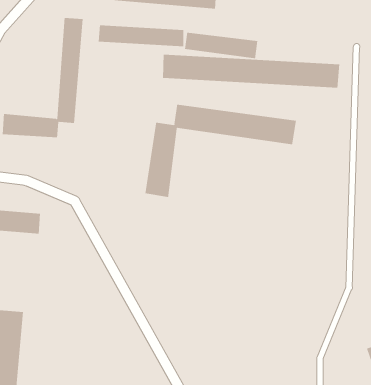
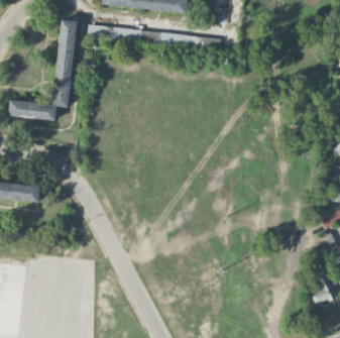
building: [163,54,340,88] -> none
building: [145,104,296,198] -> none

